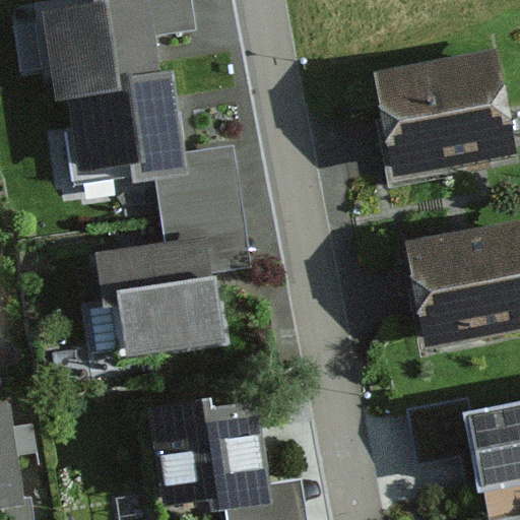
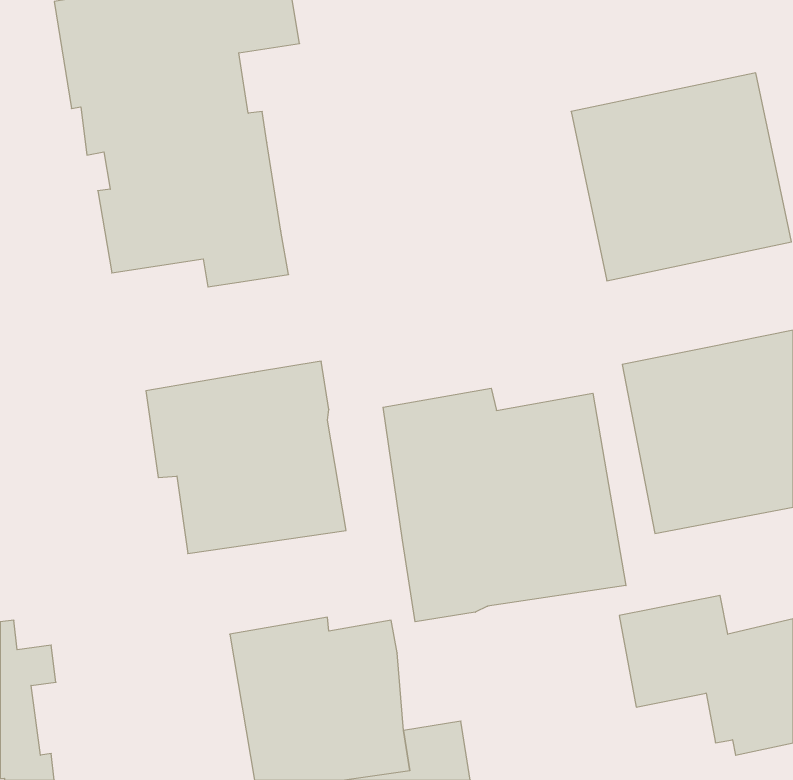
building: [156,143,252,268] -> none
building: none -> [383,388,626,622]

